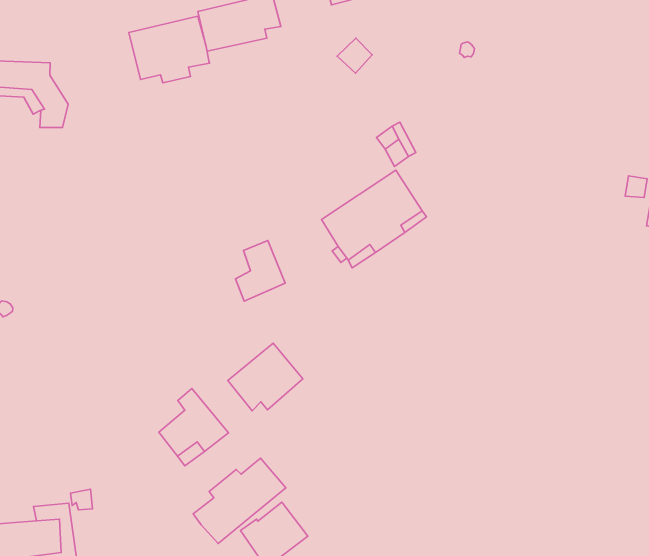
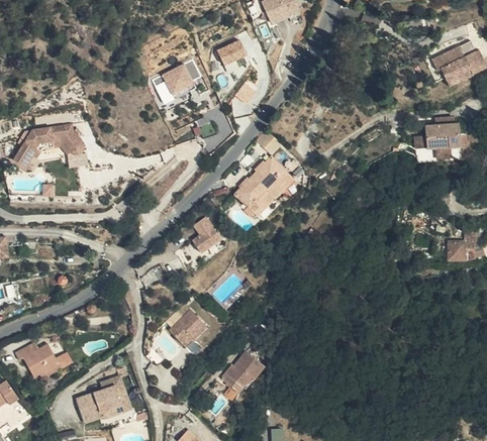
building: [129,16,209,83] -> none
building: [228,343,303,411] -> none
building: [193,458,286,544] -> none

